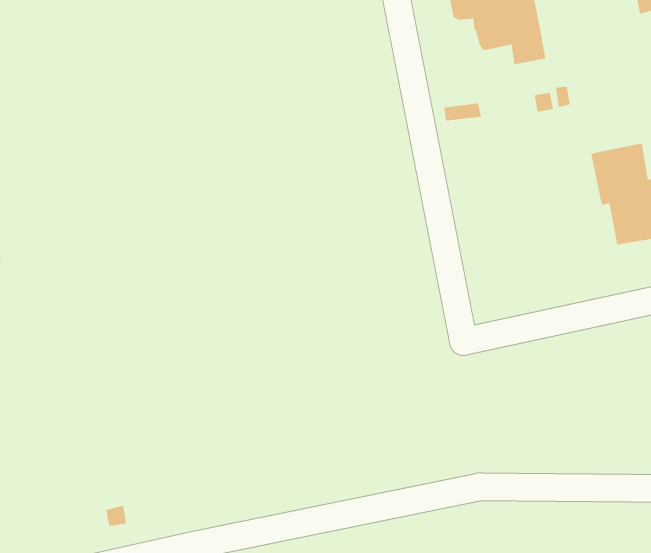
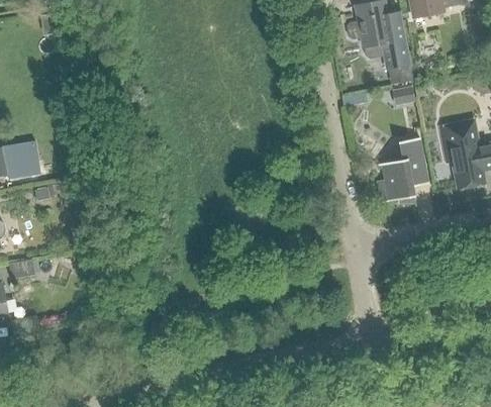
building: none -> [375,136,423,203]

